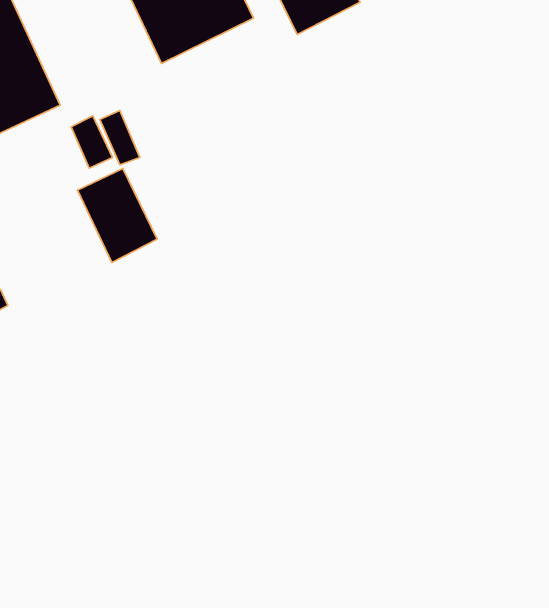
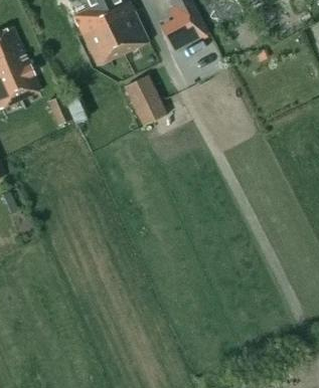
building: [78,169,157,263] -> [124,73,168,126]

